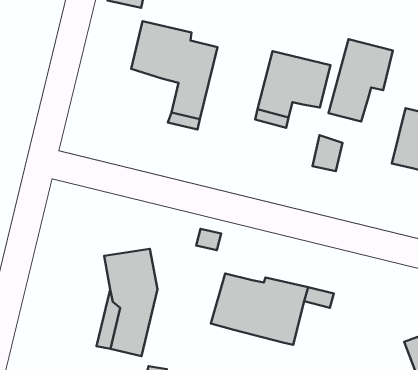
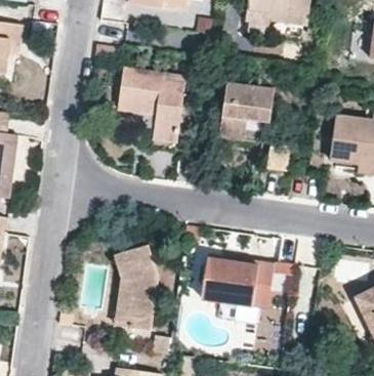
building: [329,39,393,121] -> none

